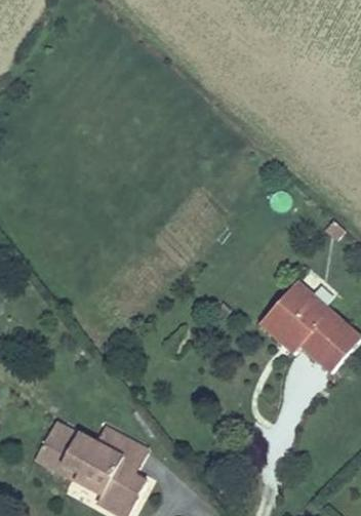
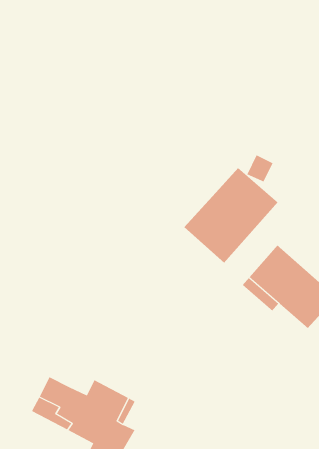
building: none -> [184,167,278,263]

